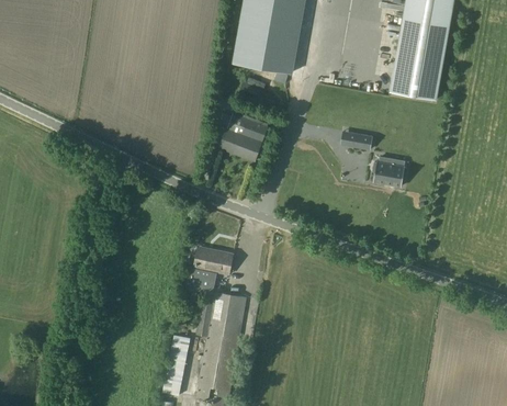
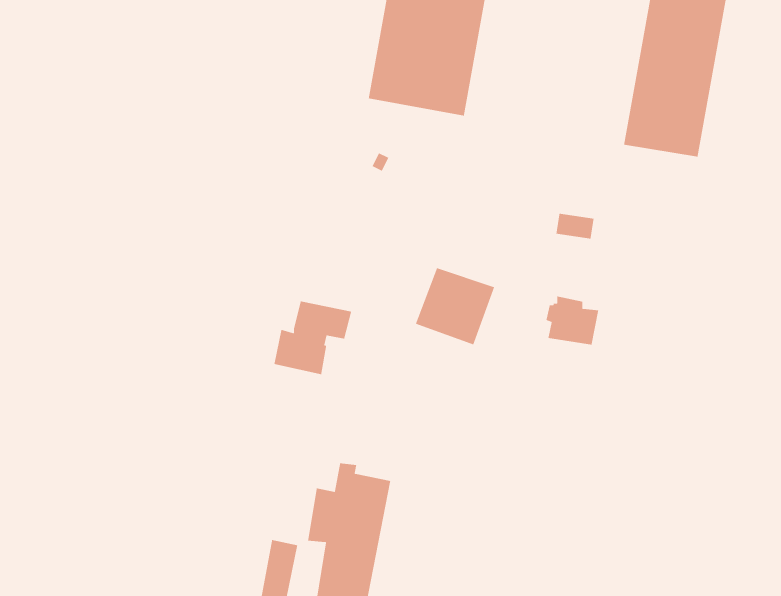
building: [217,114,267,162] -> [415,267,495,346]
building: [371,157,404,188] -> [546,296,599,346]
building: [182,249,230,295] -> [274,300,352,375]

